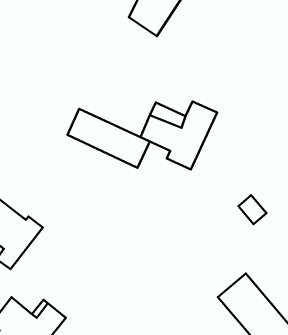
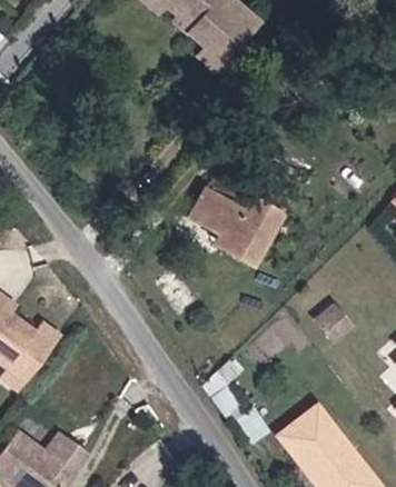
building: [68,109,150,168] -> none

